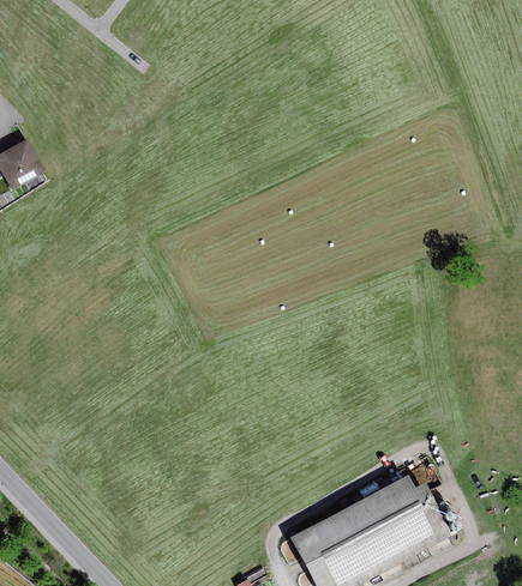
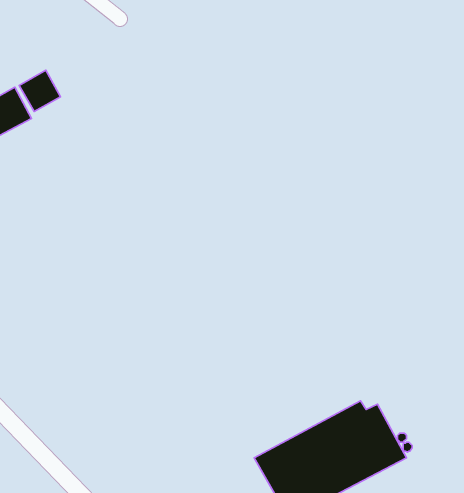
building: none -> [19,70,61,111]

